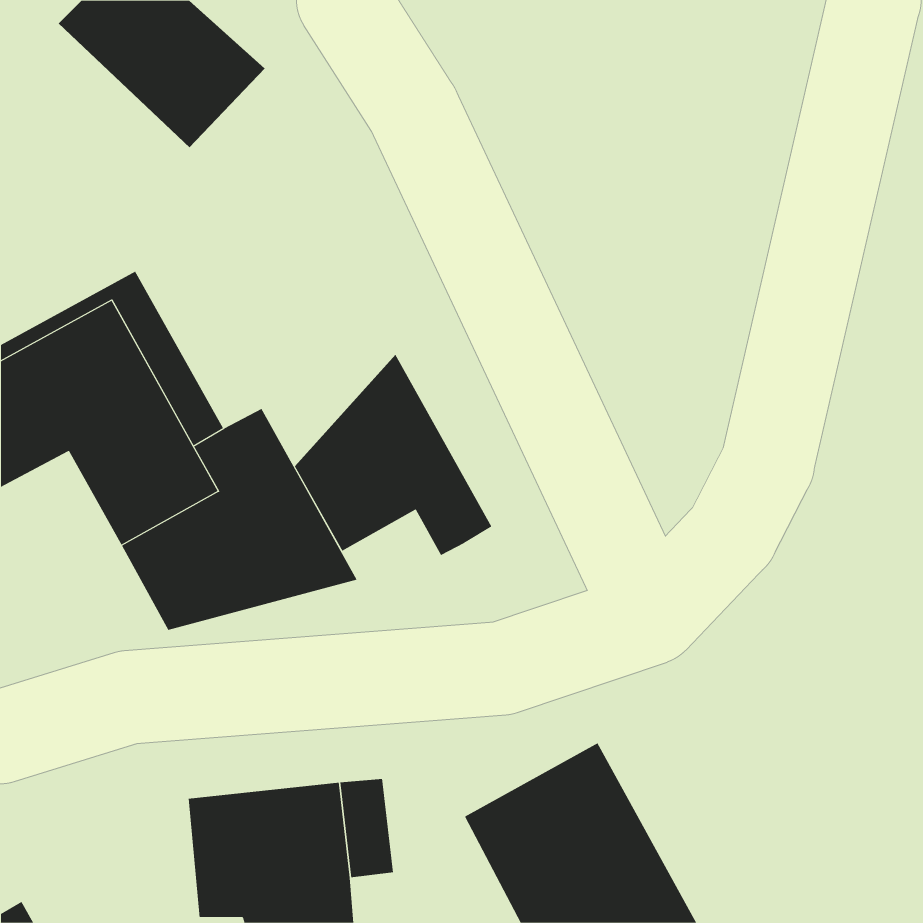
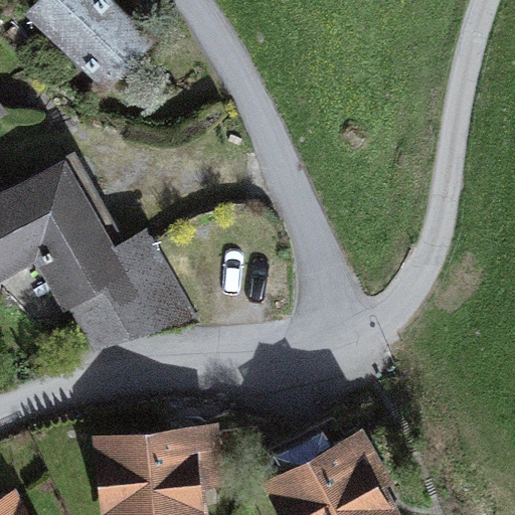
building: [294,354,492,556] -> none

